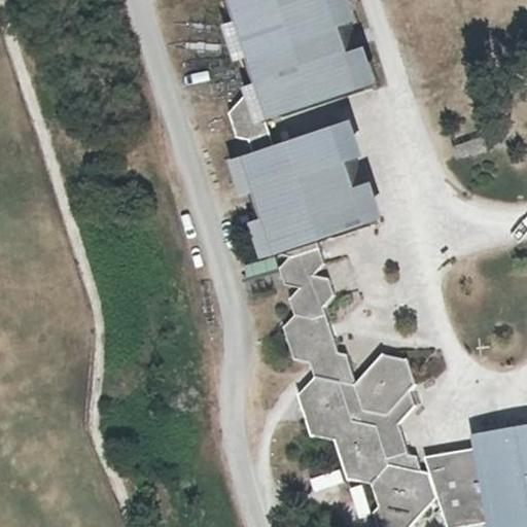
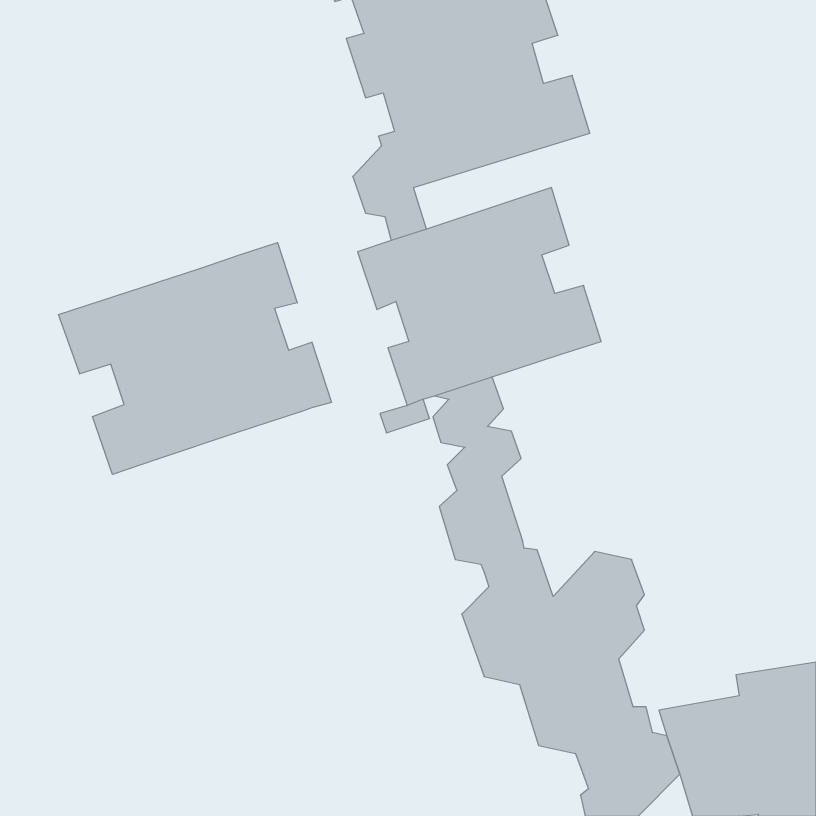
building: none -> [59,243,332,474]

